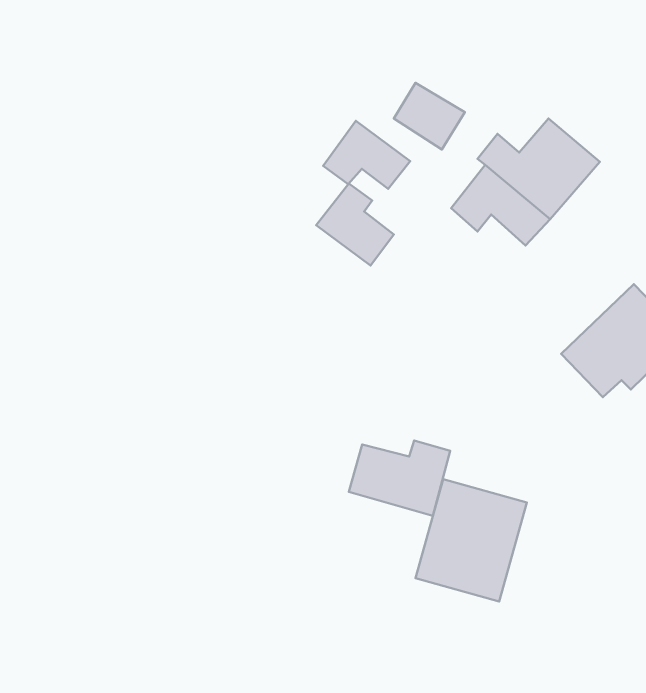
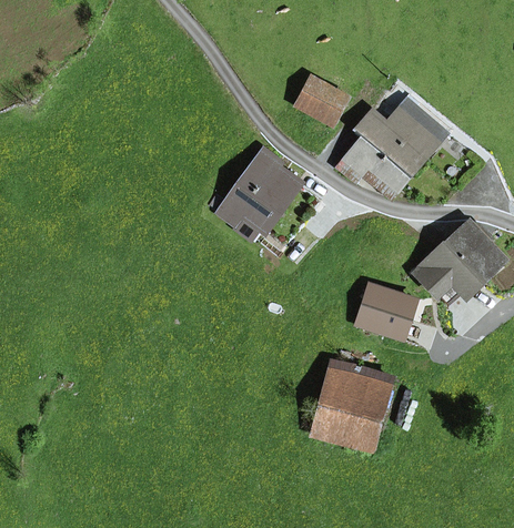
building: [323,121,410,189] -> [218,179,280,227]
building: none -> [359,285,414,338]
building: [349,440,450,516] -> none

